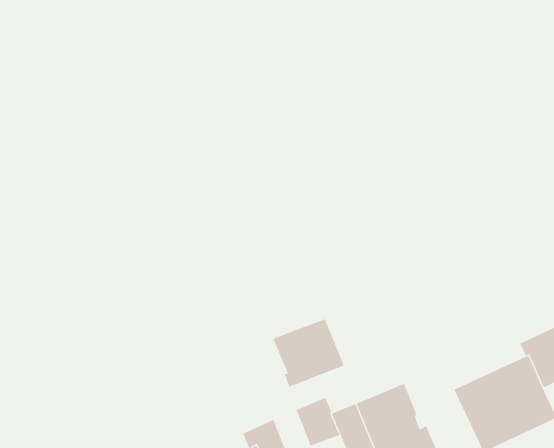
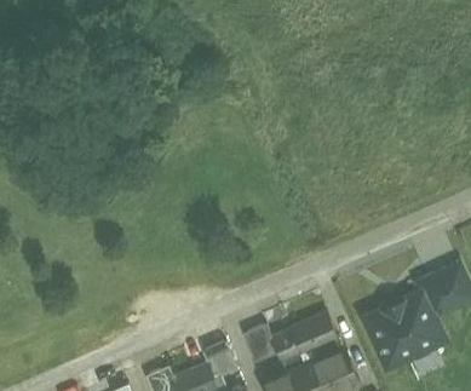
building: [273,318,345,388] -> none

